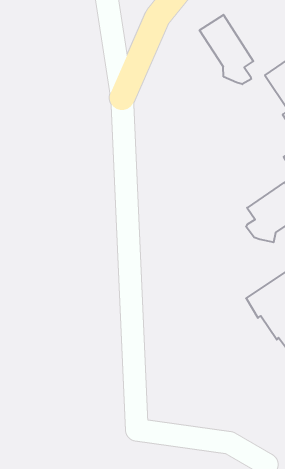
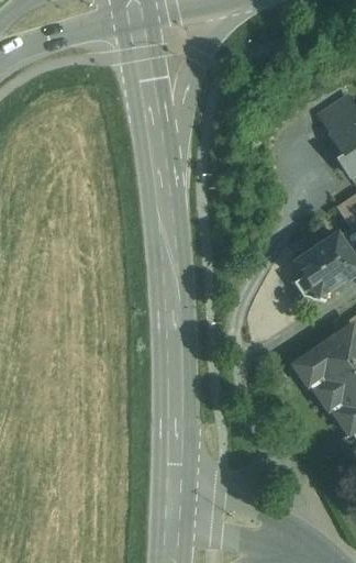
building: [200,15,253,84] -> none

